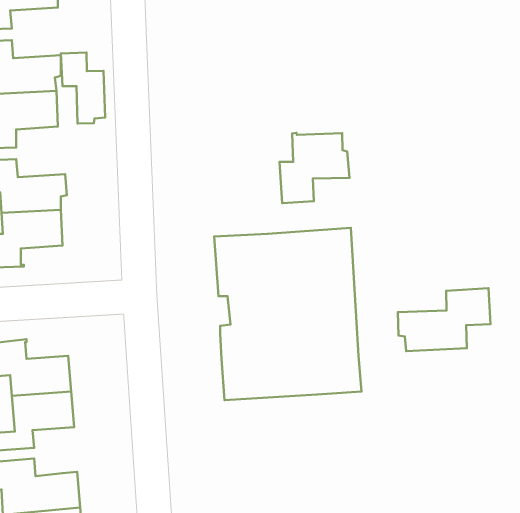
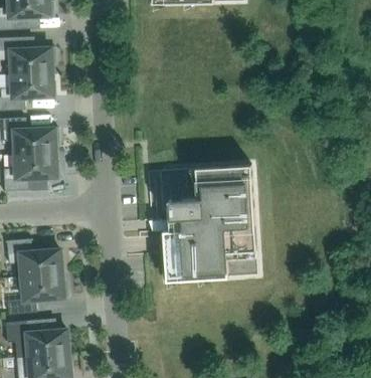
building: [61,53,105,123] -> none
building: [280,133,349,203] -> none
building: [398,288,491,351] -> none

